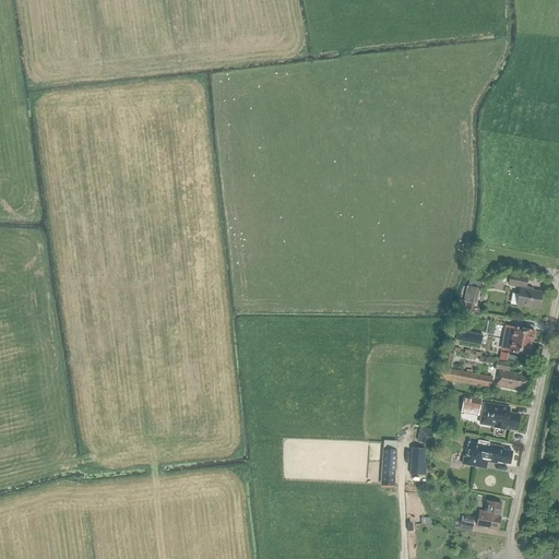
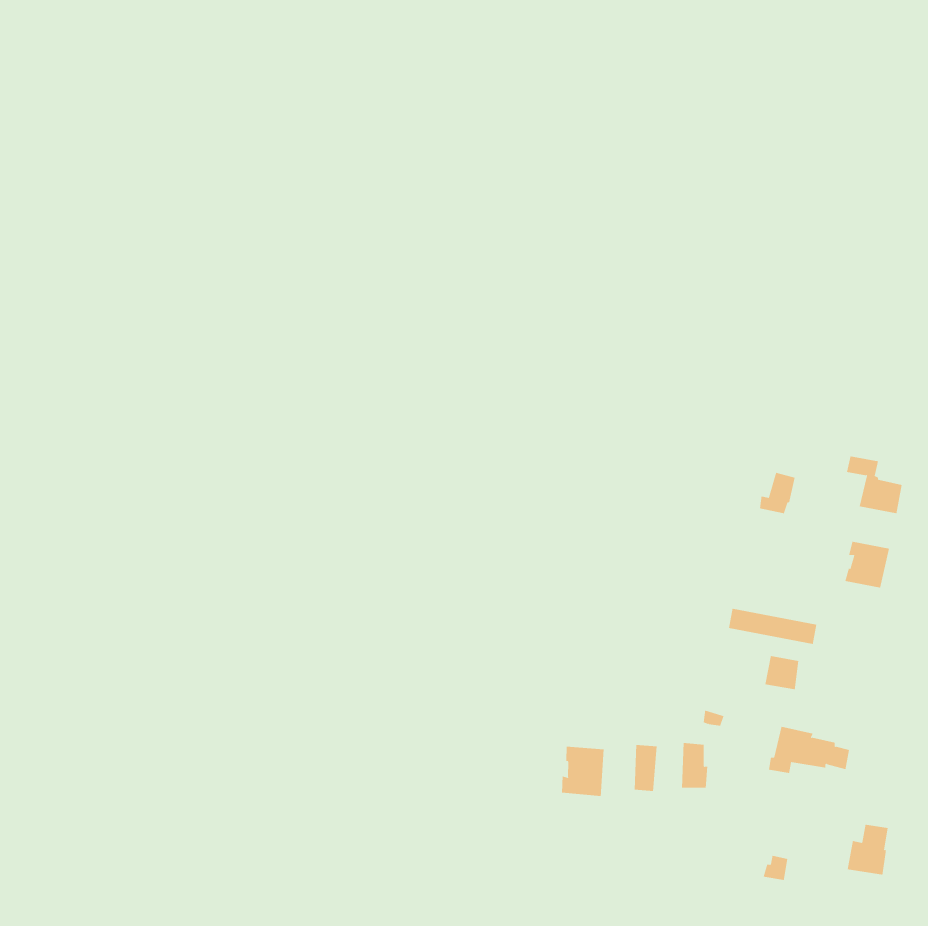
building: [495,359,526,389] -> none
building: [480,402,519,429] -> none
building: none -> [562,746,604,797]
building: [476,500,501,531] -> [847,824,889,875]

